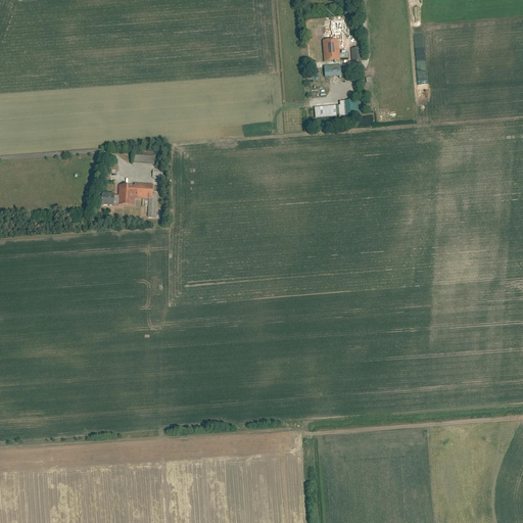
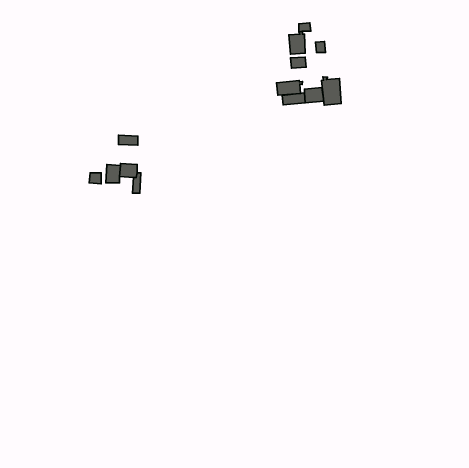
building: none -> [321,77,341,105]
building: none -> [277,80,303,95]

